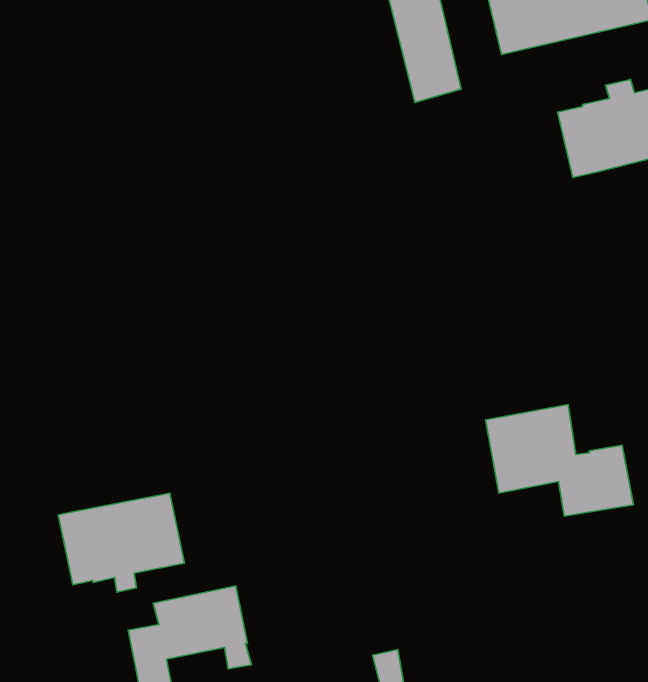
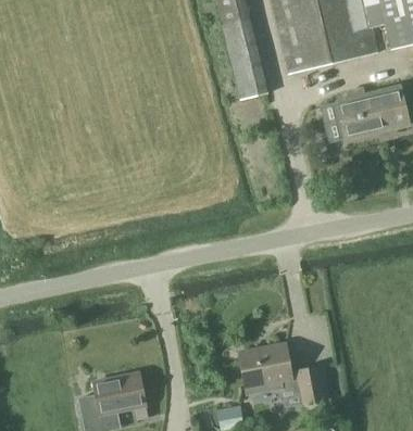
building: [485,405,634,516] -> [239,344,323,407]
building: [58,493,184,592] -> none

